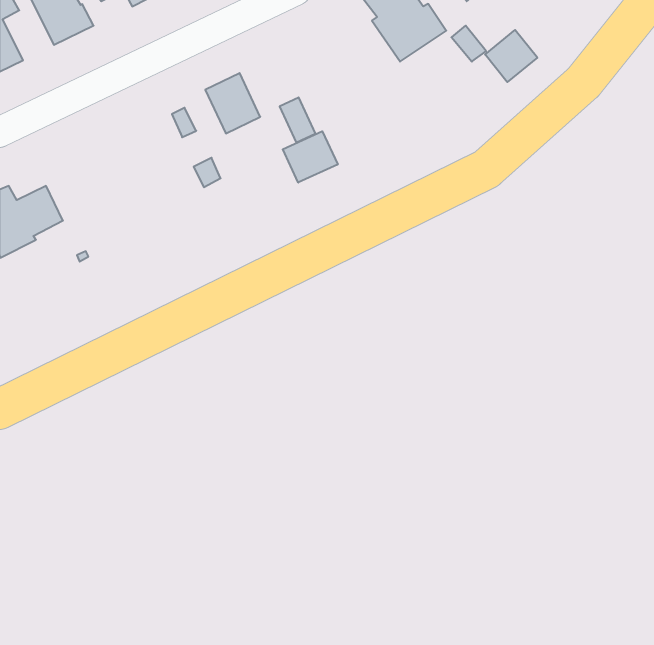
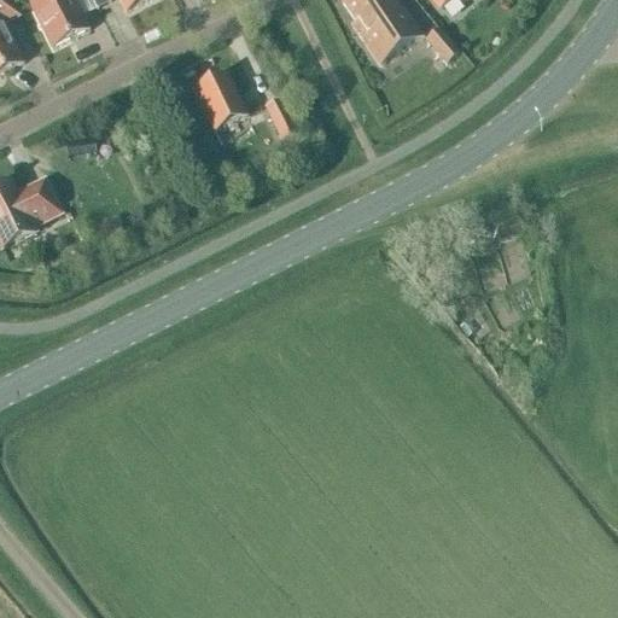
building: [485,30,537,82] -> none
building: [283,131,338,183] -> none

